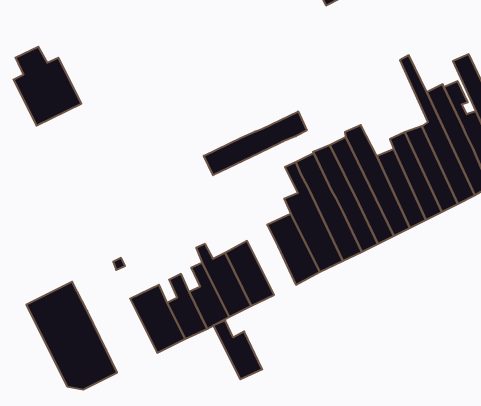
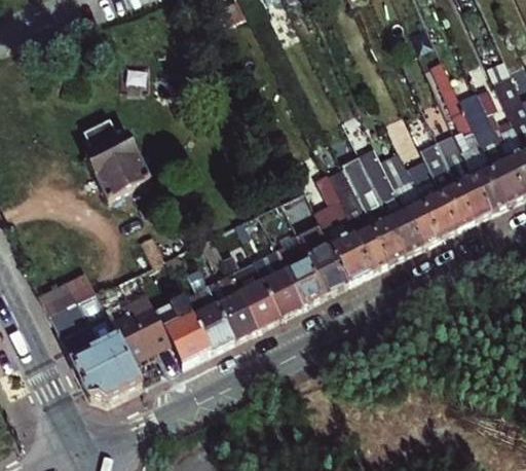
building: [13,47,81,126] -> [83,120,153,202]
building: [204,111,307,175] -> none
building: none -> [39,273,97,317]
building: none -> [112,293,173,363]
building: [213,320,262,379] -> [276,246,327,306]

